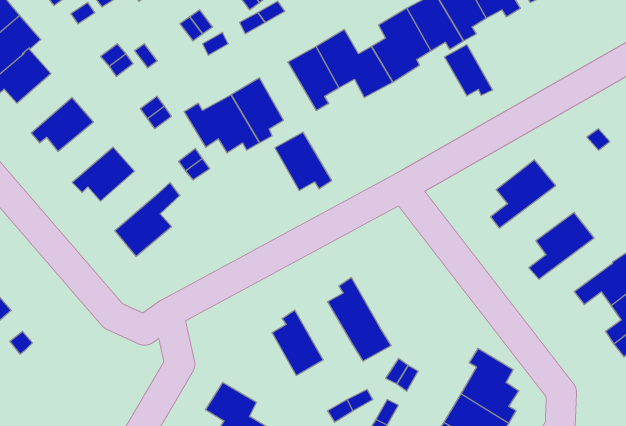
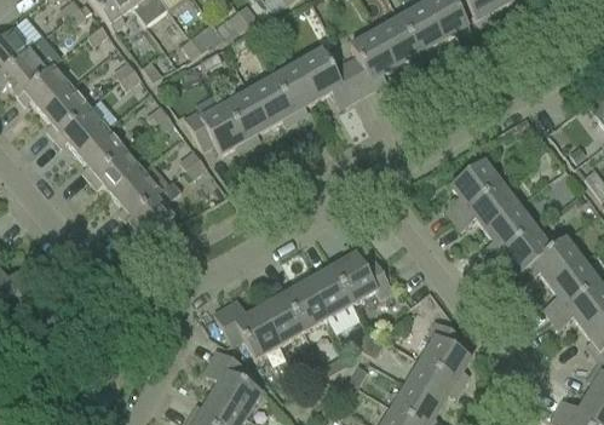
building: [444,45,493,96] -> none
building: none -> [42,85,90,136]
building: none -> [77,126,125,178]
building: [275,132,332,190] -> [249,75,298,125]
building: none -> [114,168,161,219]
building: none -> [454,180,518,228]
building: none -> [488,225,551,271]
building: none -> [328,252,392,301]
building: none -> [280,280,328,329]
building: none -> [214,298,281,356]

